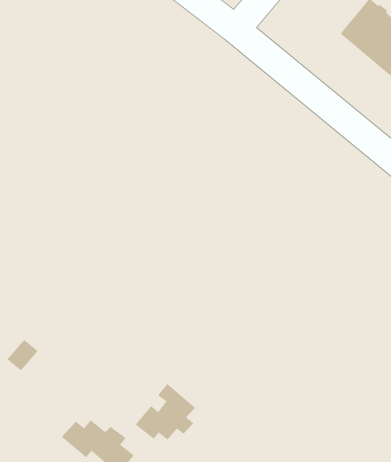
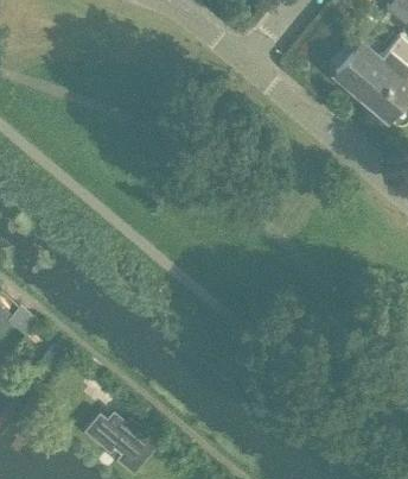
building: [135,383,196,441] -> none

